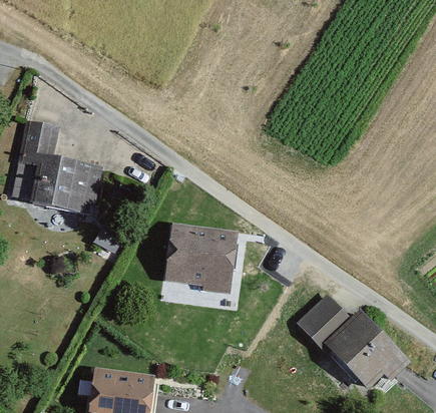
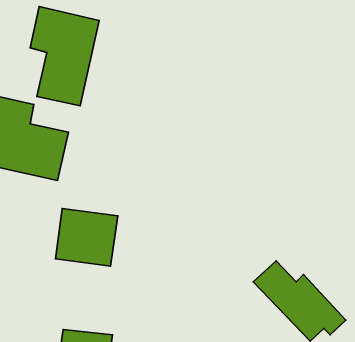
building: none -> [30,7,99,106]
building: [164,231,233,294] -> [56,209,118,266]

